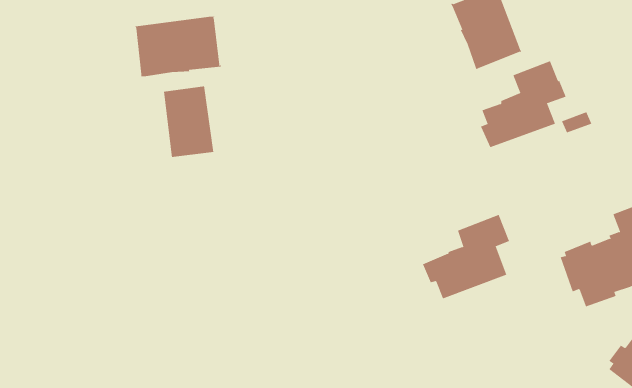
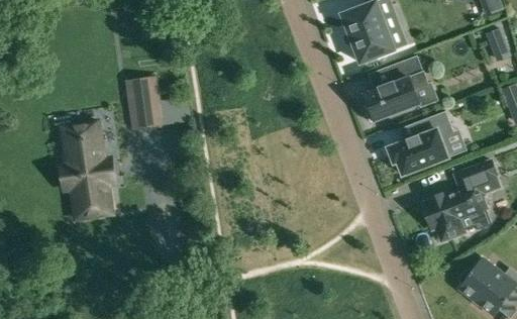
building: [134,16,221,77] -> none
building: none -> [61,122,112,219]
building: [422,214,510,299] -> [392,109,457,173]

